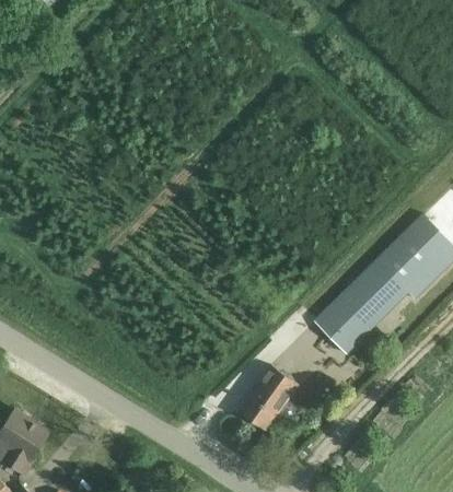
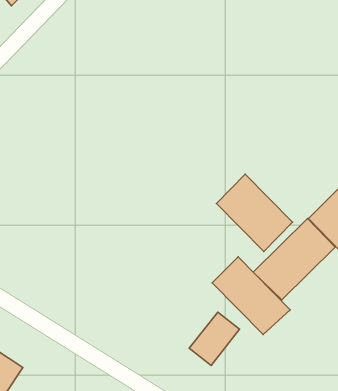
building: none -> [217,174,293,252]
building: none -> [212,257,290,335]

